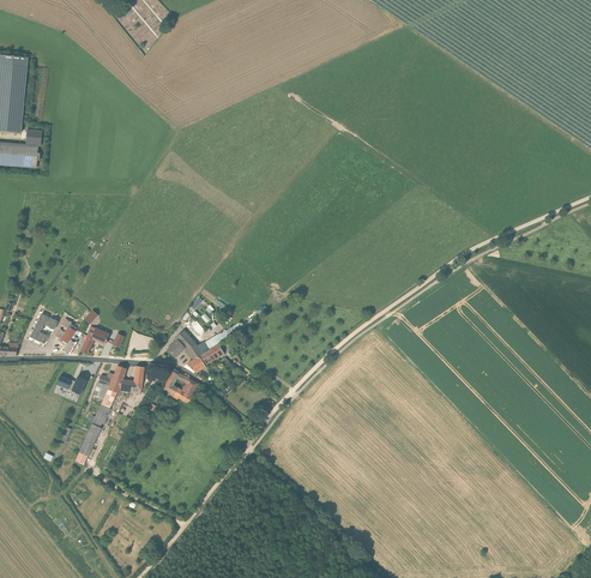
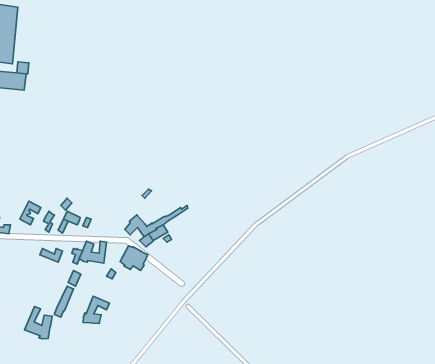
building: none -> [83,296,109,323]
building: none -> [24,307,52,339]

